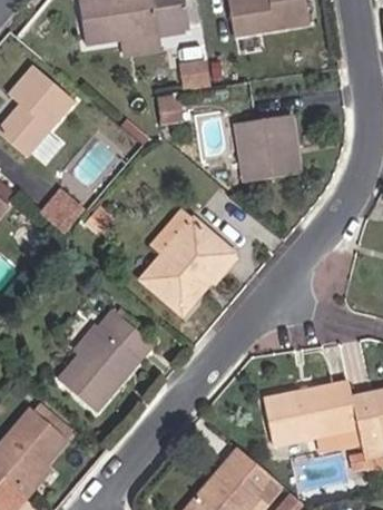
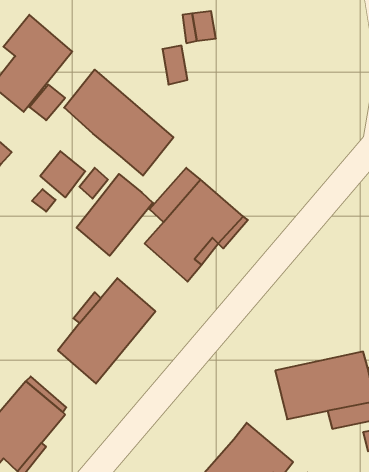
building: [236,115,299,180] -> none
building: none -> [64,70,173,176]
building: none -> [77,174,153,256]

